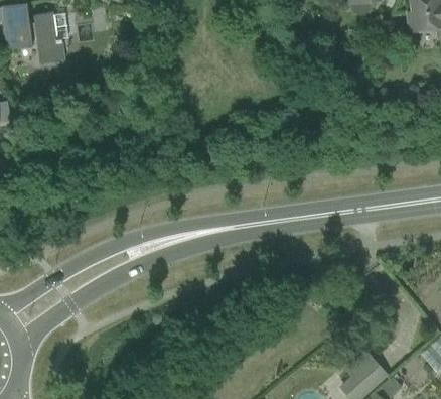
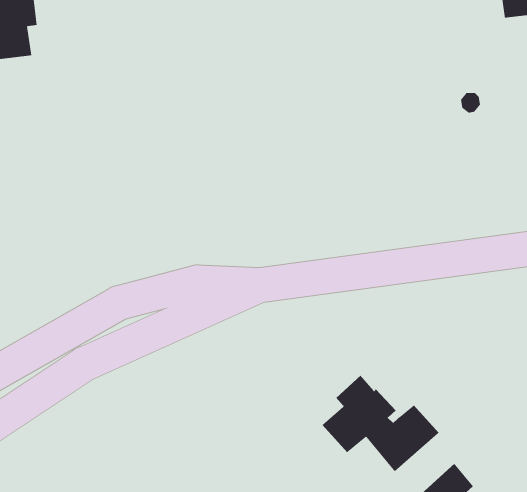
building: none -> [321,375,439,472]

